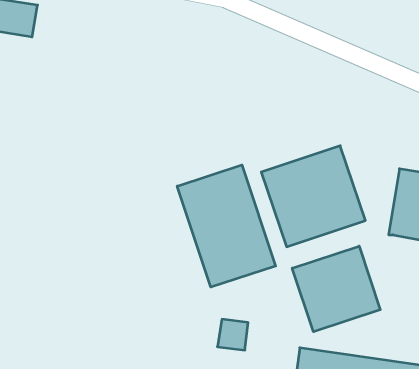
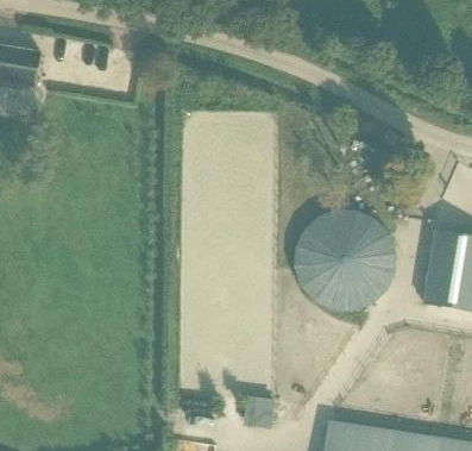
building: [177,165,276,287] -> none
building: [292,246,380,332] -> none

